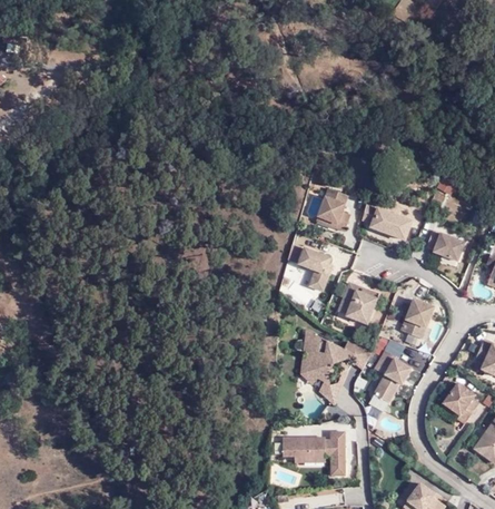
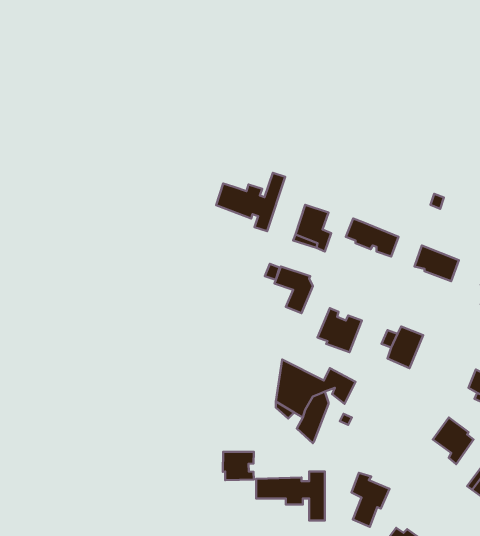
building: none -> [216,173,285,231]
building: [377,351,412,400] -> [352,473,390,527]
building: none -> [223,452,254,480]

